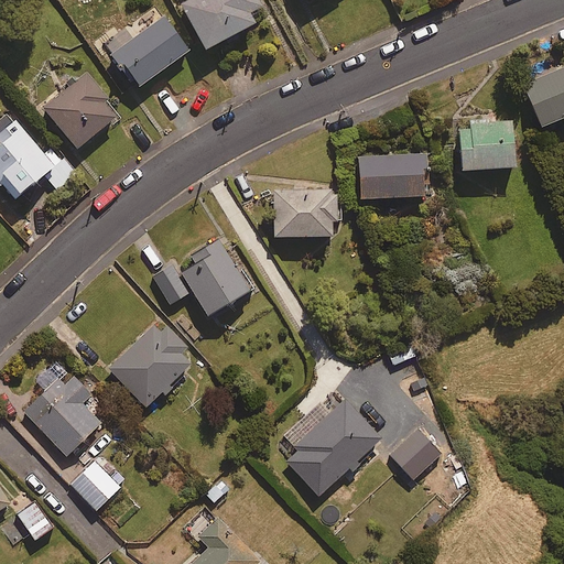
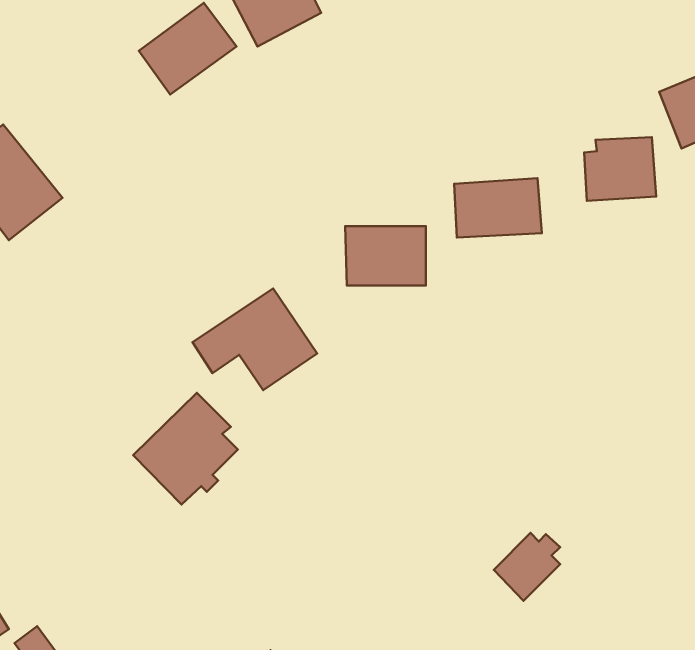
building: [44,74,118,149] -> none
building: [24,370,101,456] -> none
building: [283,400,380,496] -> none
building: [70,455,126,510] -> none

